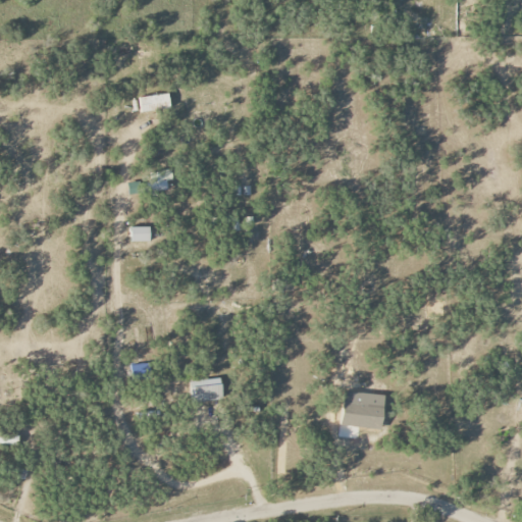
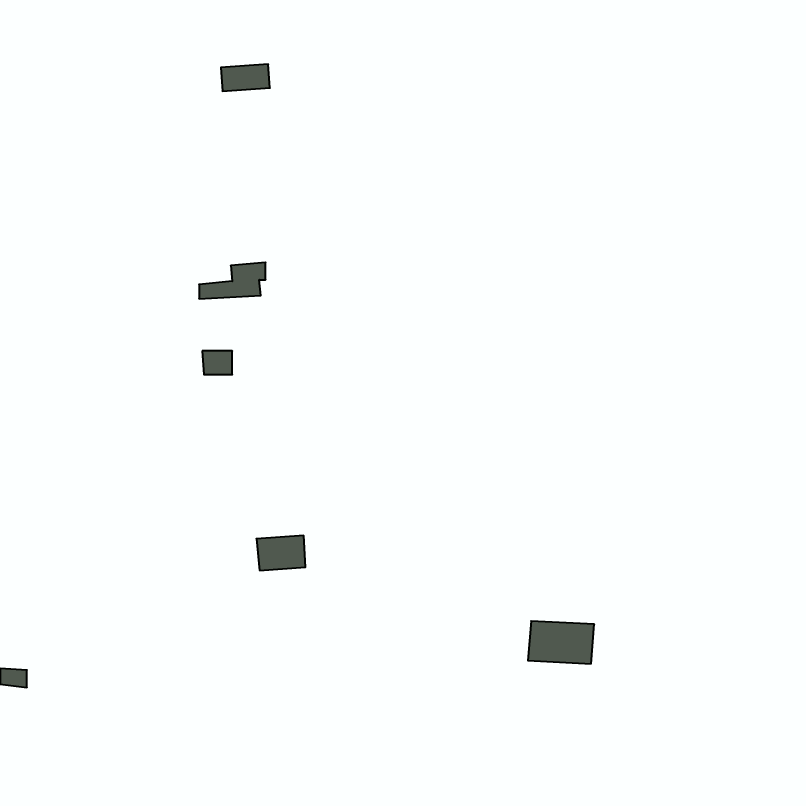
building: [140,94,171,111] -> [221,64,270,91]
building: [191,378,222,401] -> [256,536,305,570]

